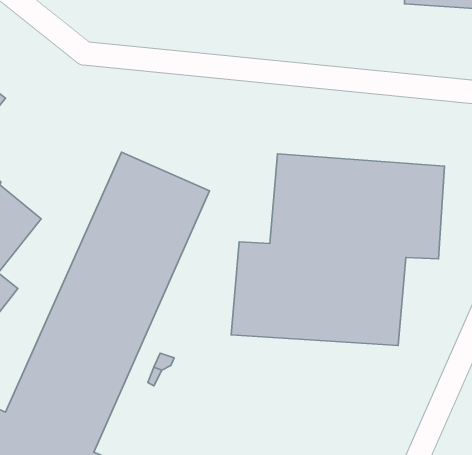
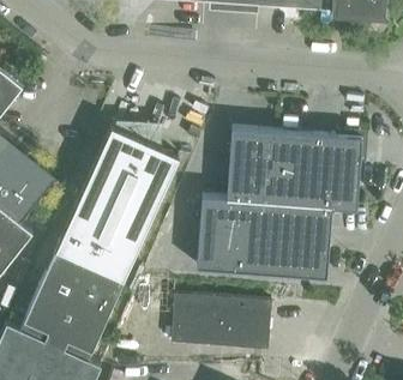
building: none -> [170,295,271,350]

